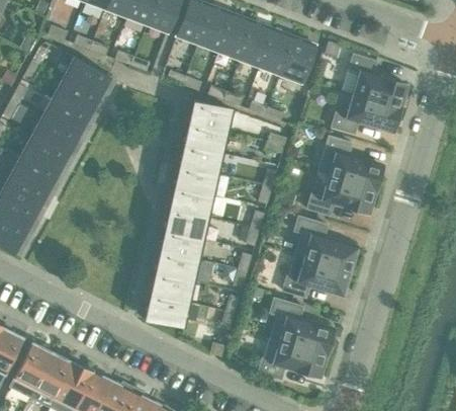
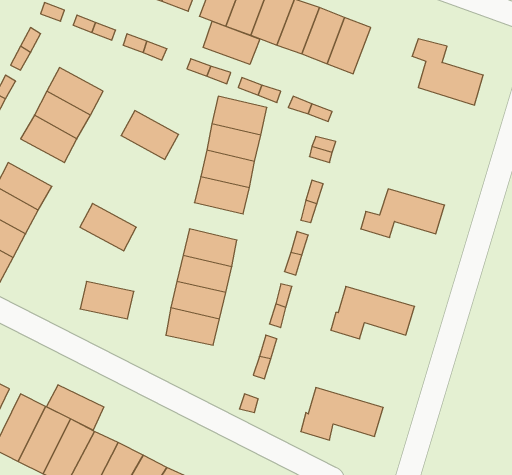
building: none -> [203,21,260,64]
building: [63,58,109,97] -> [121,111,179,159]
building: [331,94,398,134] -> none
building: [21,136,67,174] -> [80,203,136,251]
building: [324,136,381,189] -> none
building: [168,187,211,218] -> none
building: [293,217,356,271] -> none
building: [144,295,187,325] -> [80,281,134,319]
building: [269,298,332,353] -> none
building: none -> [47,385,104,430]

